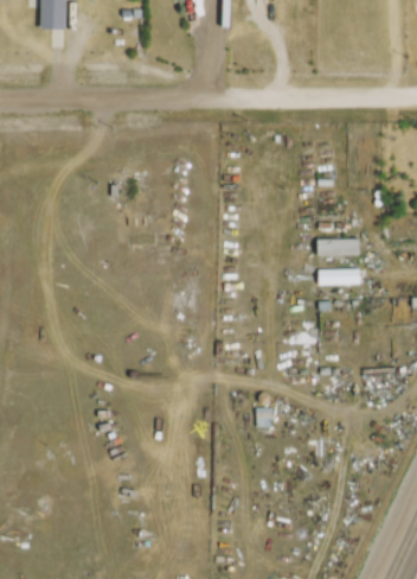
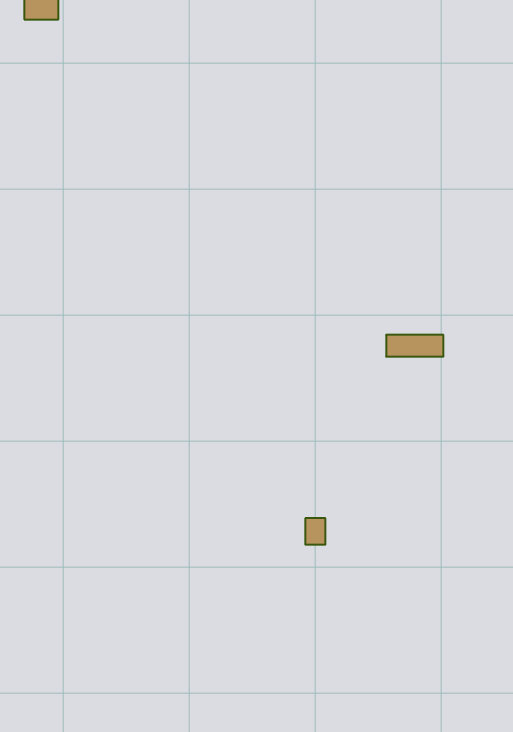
building: [317,238,360,255] -> none

